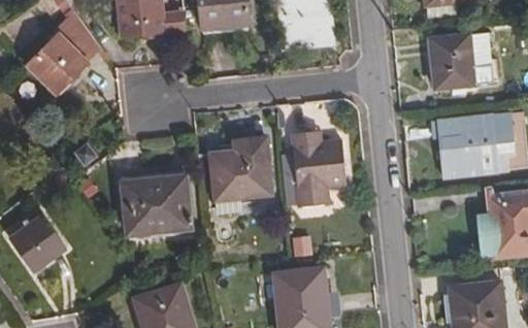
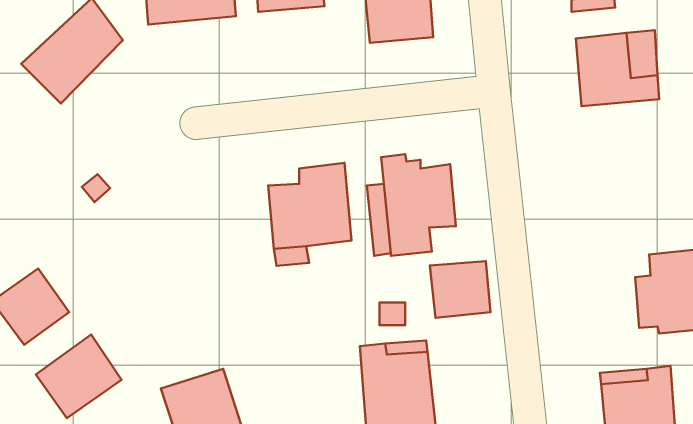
building: [432,117,515,181] -> none
building: [119,168,189,229] -> none
building: none -> [430,261,491,318]
building: none -> [36,335,122,418]

